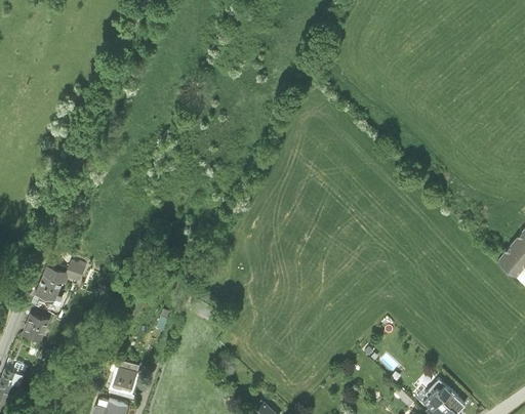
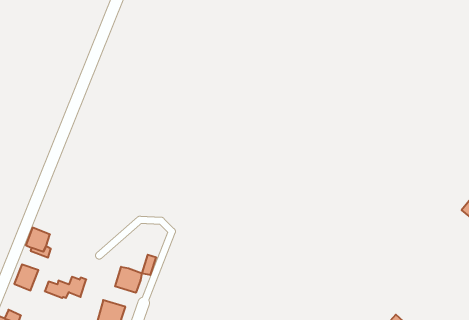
building: [41,262,85,285] -> [45,277,86,298]
building: none -> [115,267,142,293]

